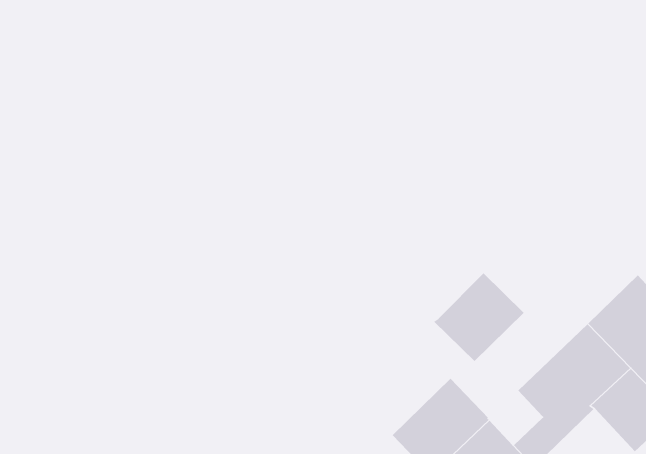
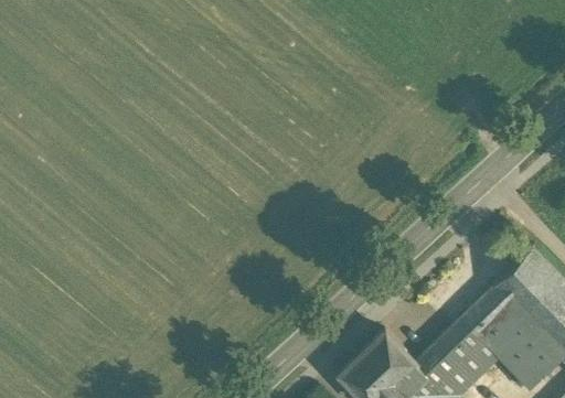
building: [433,272,524,362] -> none
building: none -> [414,344,457,387]

